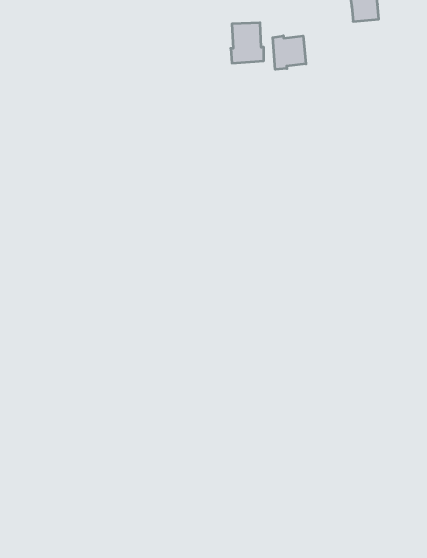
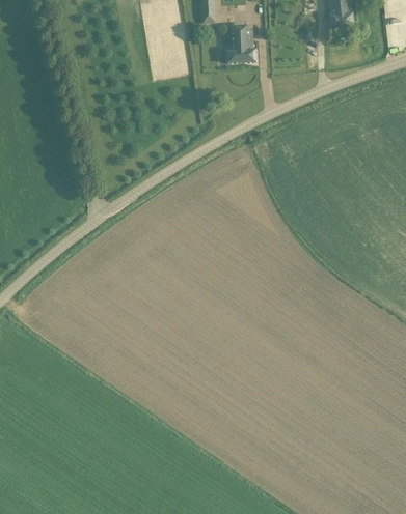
building: [273,36,306,69] -> none

